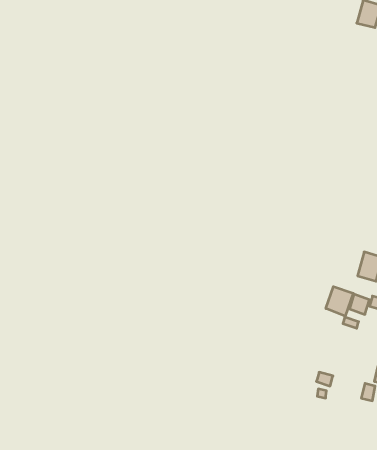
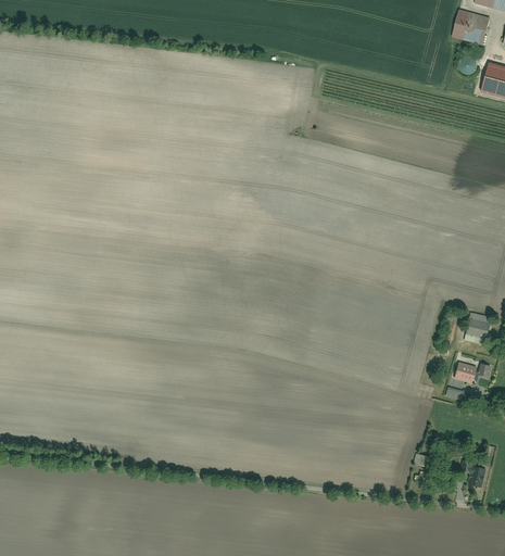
building: [326,287,353,316] -> none

